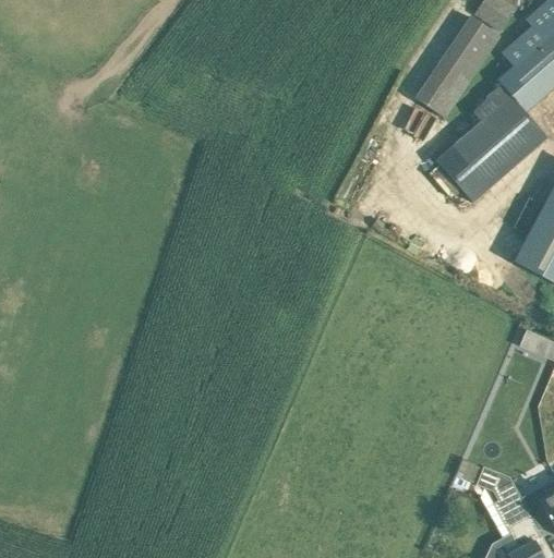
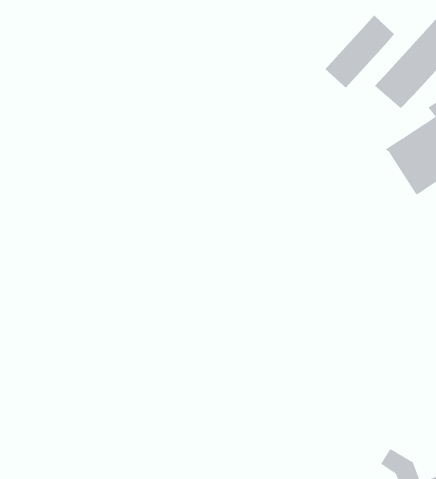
building: none -> [324,15,395,89]

